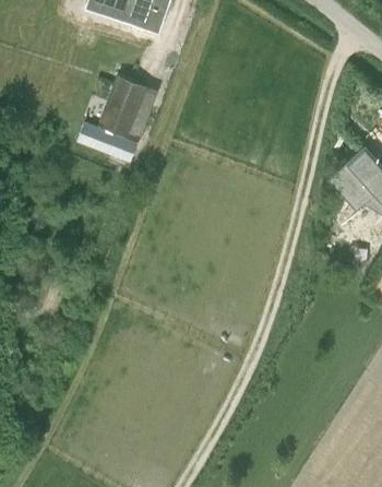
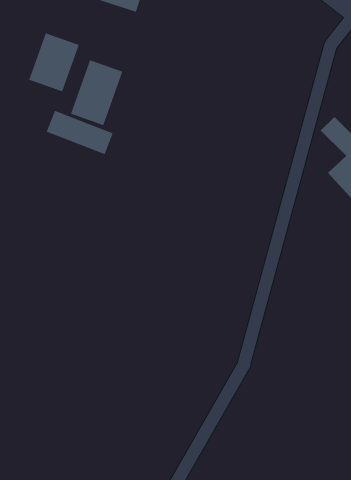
building: none -> [29,32,79,92]

